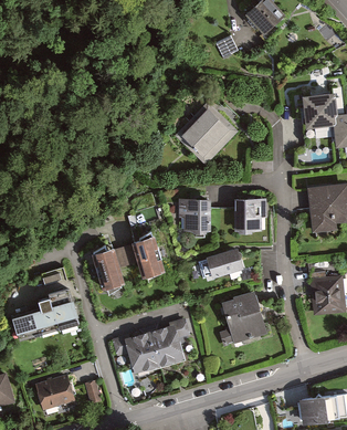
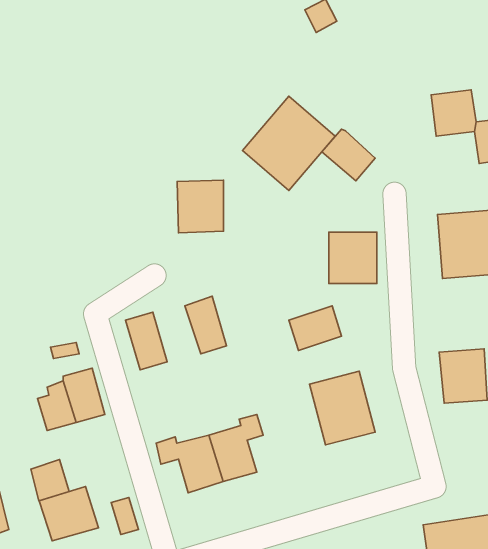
building: none -> [322,129,375,181]
building: [179,196,211,232] -> [177,180,223,233]
building: [13,311,40,339] -> [31,459,69,501]

